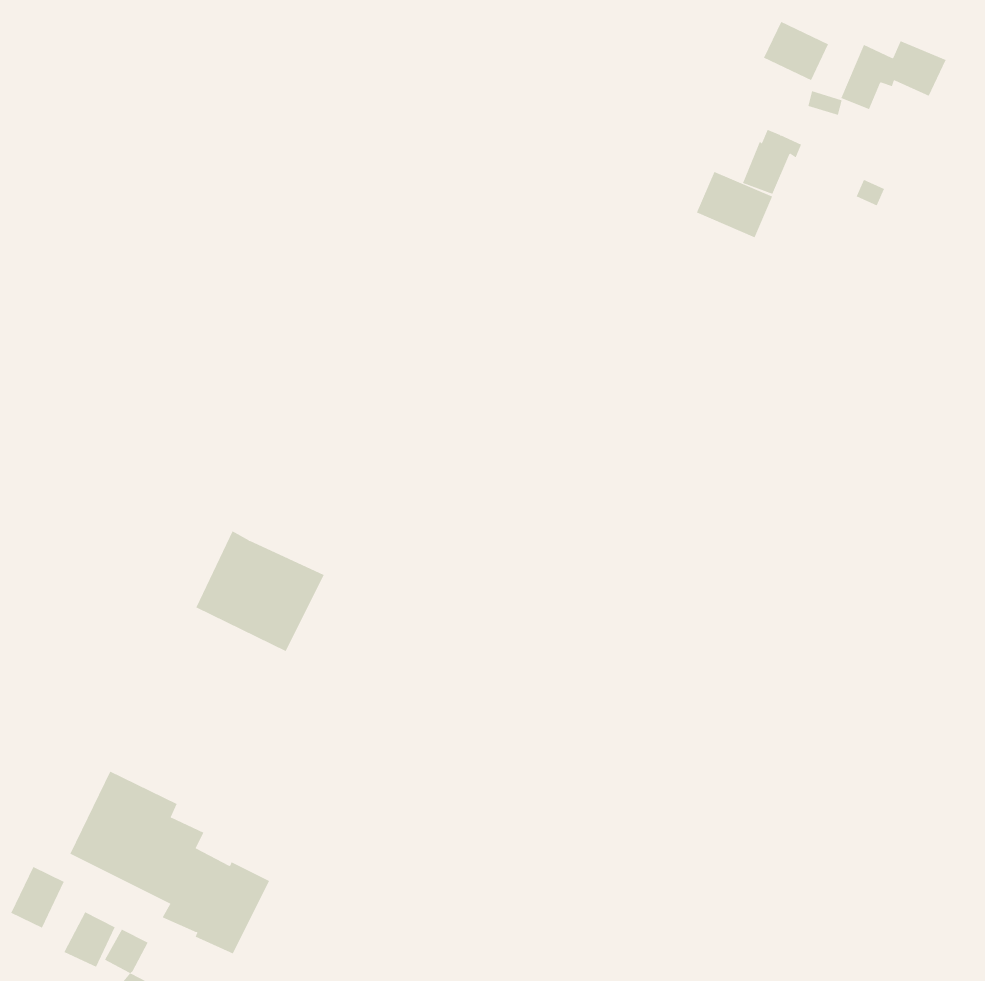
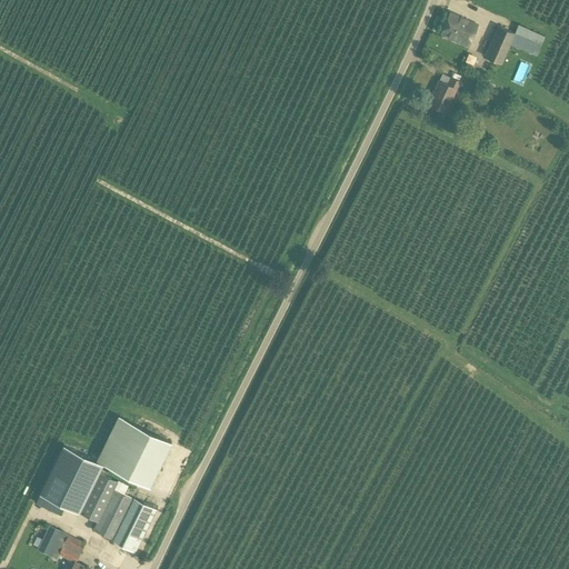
building: [696,171,773,238] -> none
building: [196,531,325,652] -> [97,418,171,488]
building: [11,866,65,928] -> none

